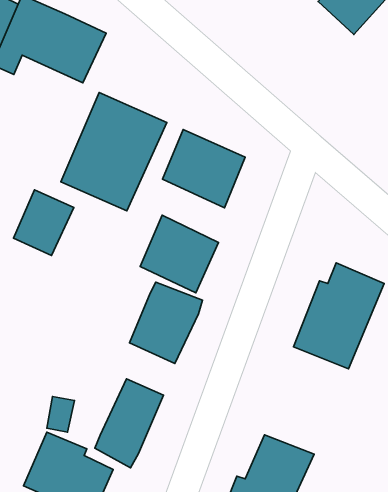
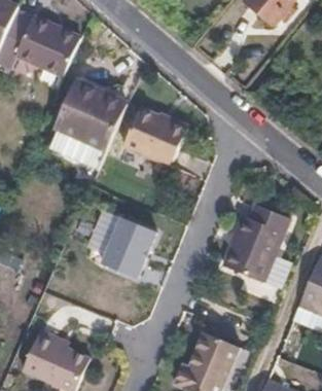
building: [14,190,74,255] -> none
building: [140,215,219,293] -> none
building: [95,379,163,468] -> none

